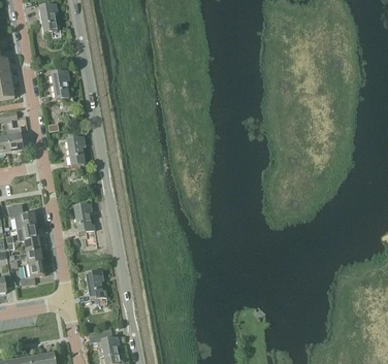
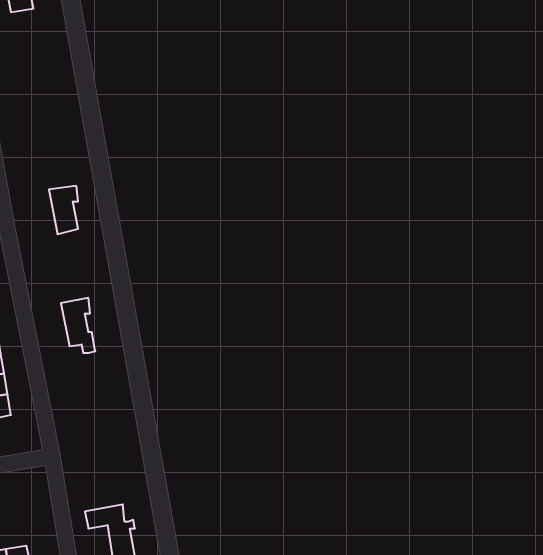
building: [52,70,73,103] -> none
building: [86,270,103,299] -> none

